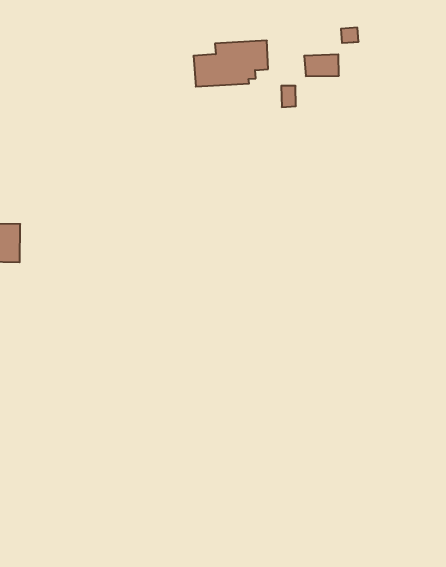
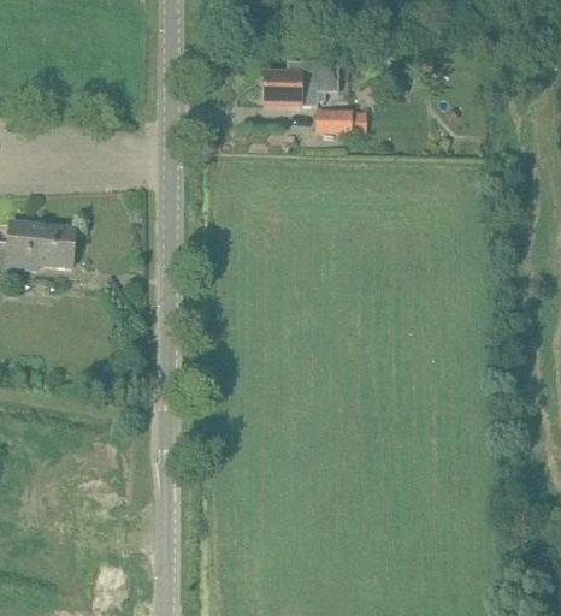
building: [304,54,339,76] -> [315,108,350,131]

